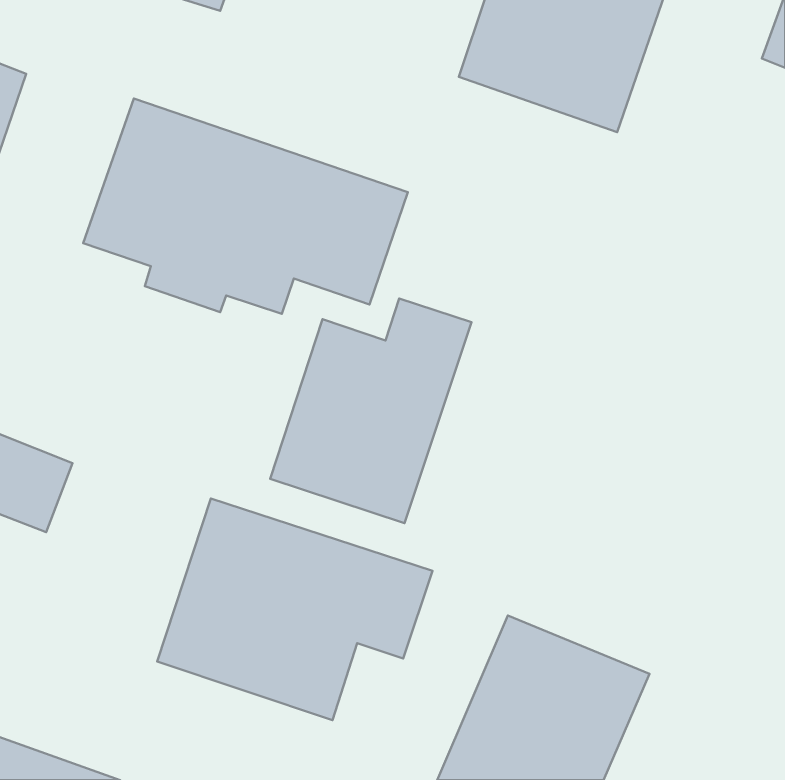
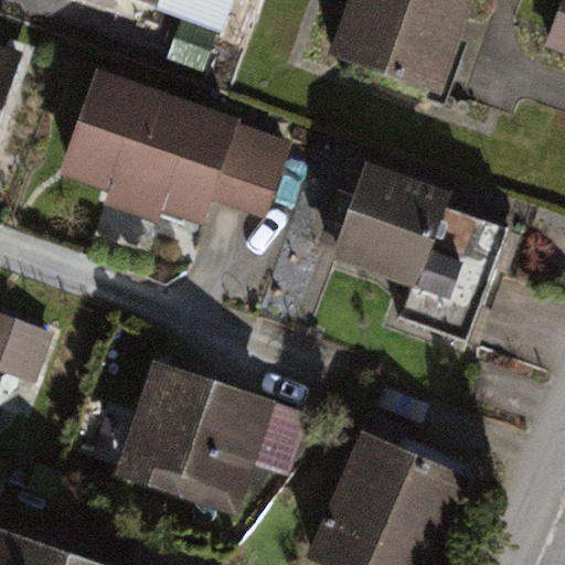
building: none -> [330,161,504,340]
building: [270,299,472,523] -> none

